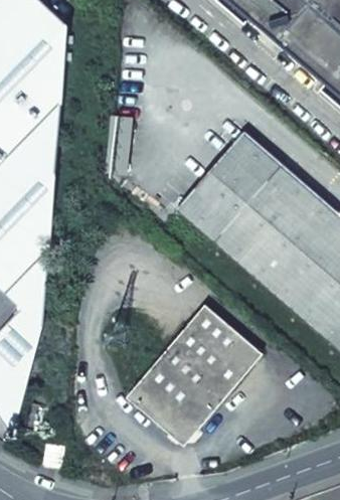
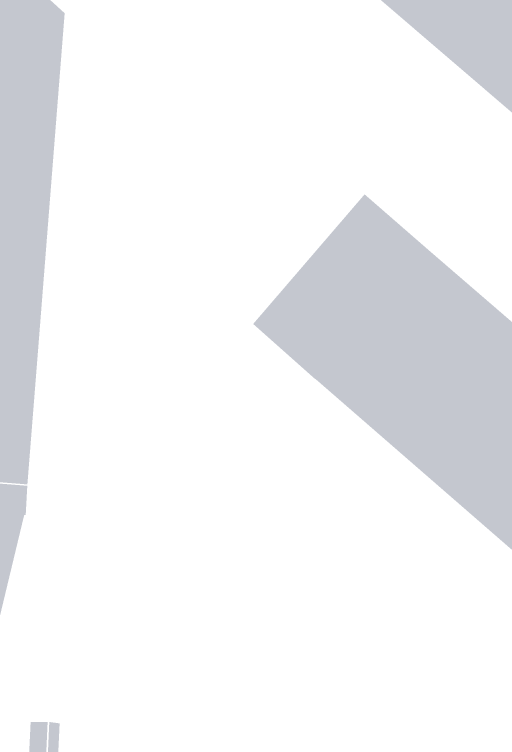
building: [126,304,262,433] -> none

